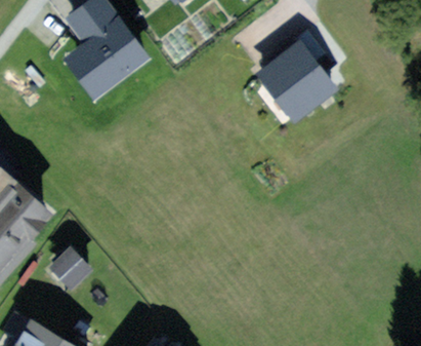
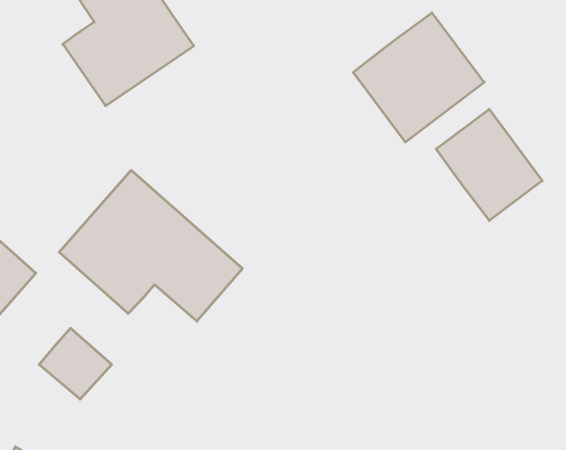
building: none -> [436,109,542,221]
building: none -> [59,170,242,321]

